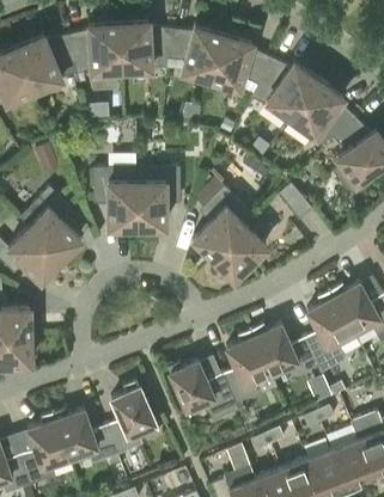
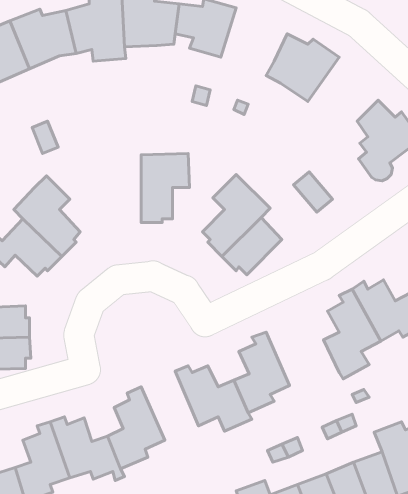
building: [209,32,270,86] -> none
building: [289,78,354,147] -> none
building: [93,167,136,229] -> none
building: [251,324,318,379] -> none

